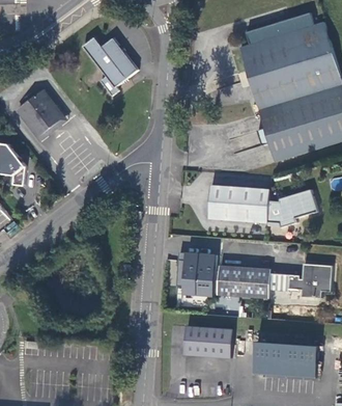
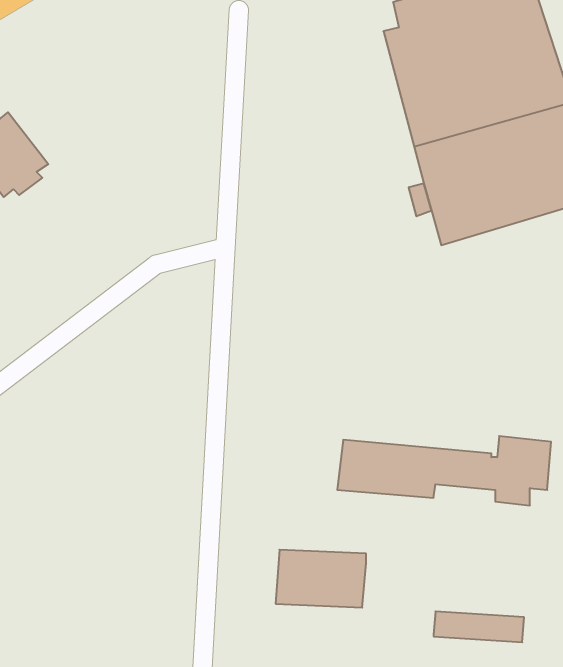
building: [84,36,138,96] -> none
building: [208,185,317,227] -> none
building: [176,250,218,295] -> none
building: [255,340,319,371] -> none

